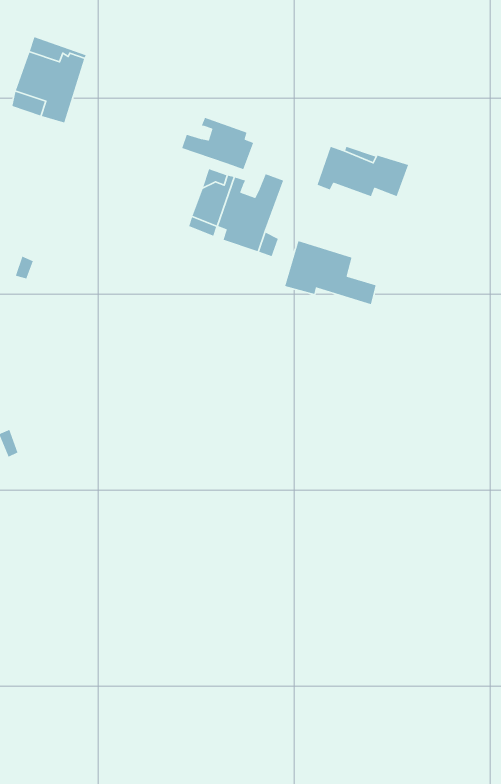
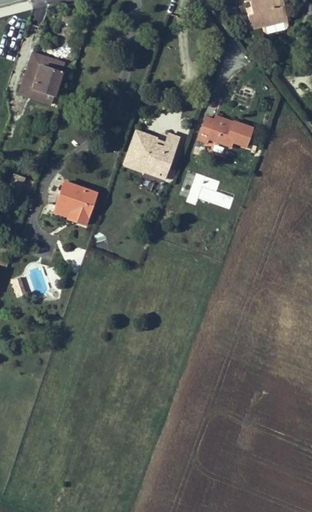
building: [181,117,254,170] -> none
building: none -> [57,182,97,223]

